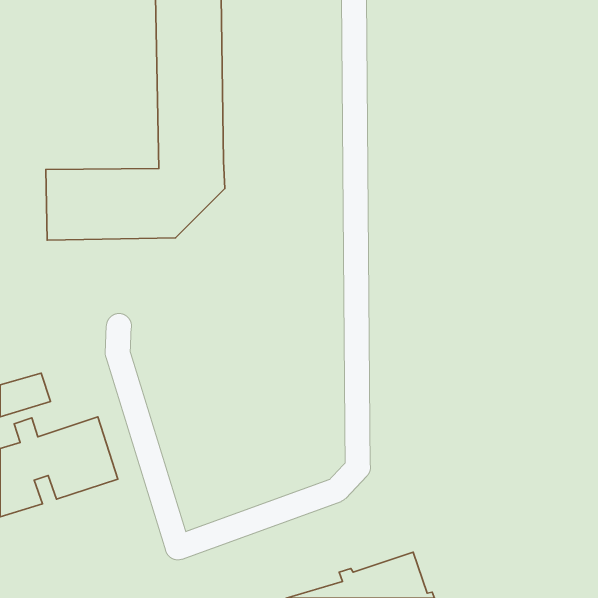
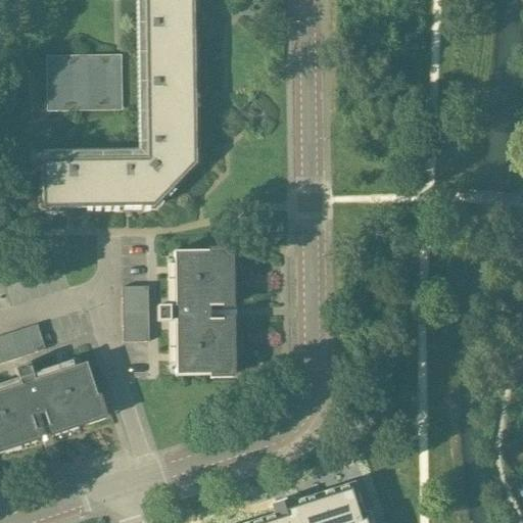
building: none -> [47,54,124,110]
building: none -> [158,249,233,375]
building: none -> [124,286,150,341]

